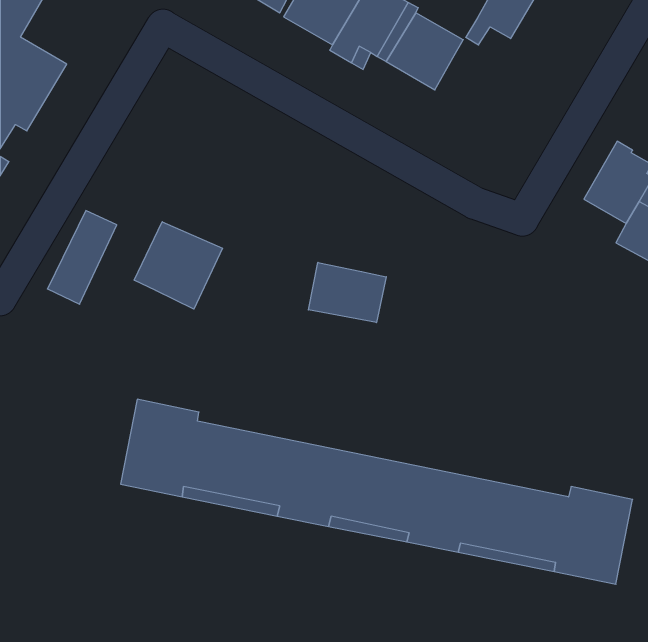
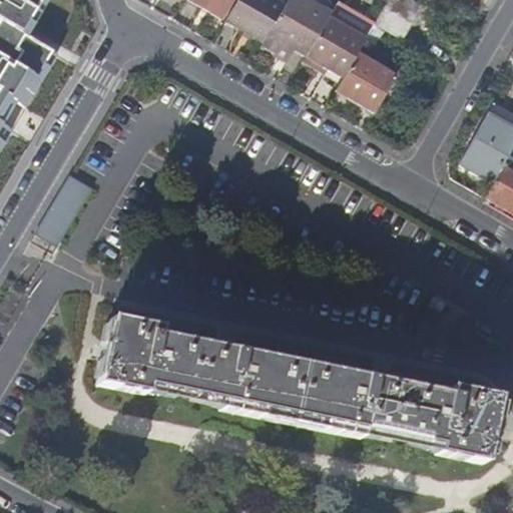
building: none -> [339,45,399,104]
building: [134,222,222,309] -> none
building: [308,262,386,323] -> none

